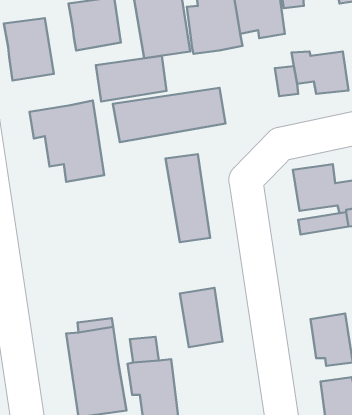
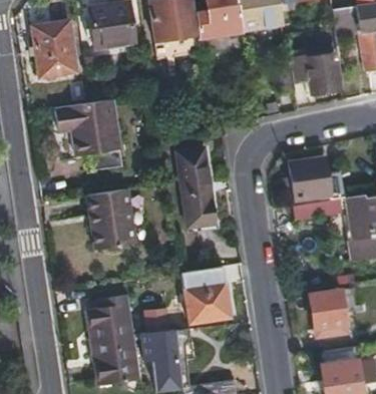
building: [96,56,167,101] -> none
building: [113,88,226,142] -> none
building: none -> [83,190,132,252]

